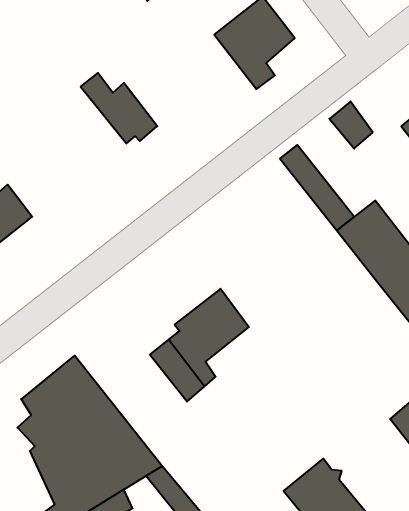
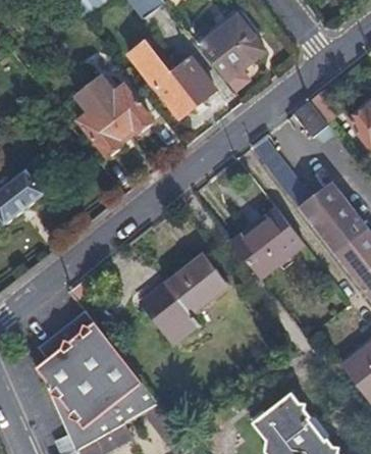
building: none -> [127,41,214,118]
building: none -> [65,88,125,157]
building: none -> [233,208,305,280]

